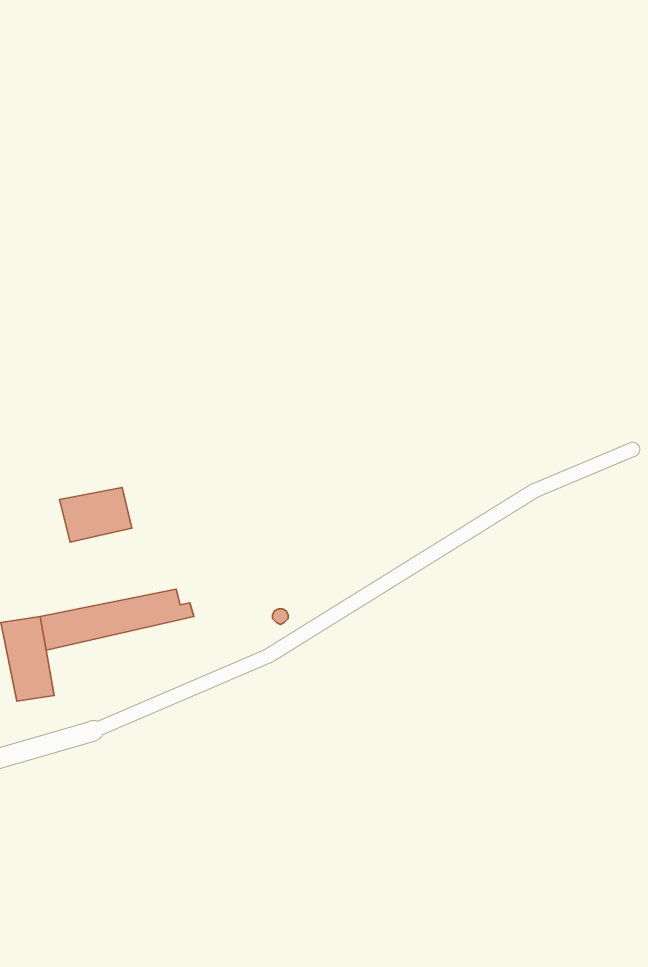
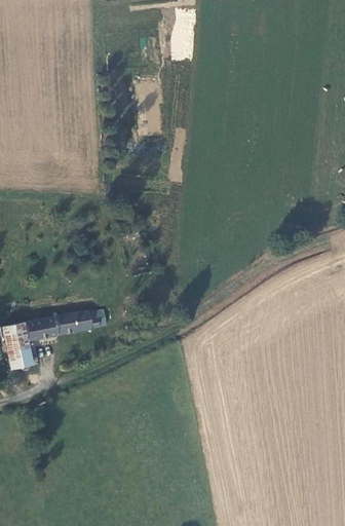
building: [60,487,132,542] -> none

